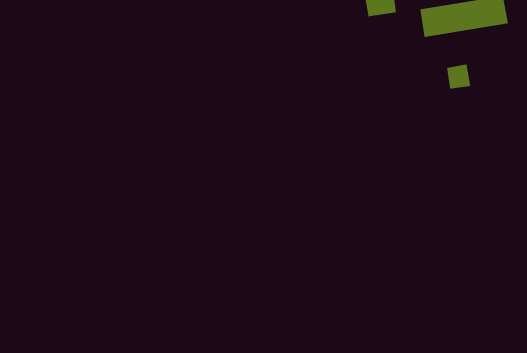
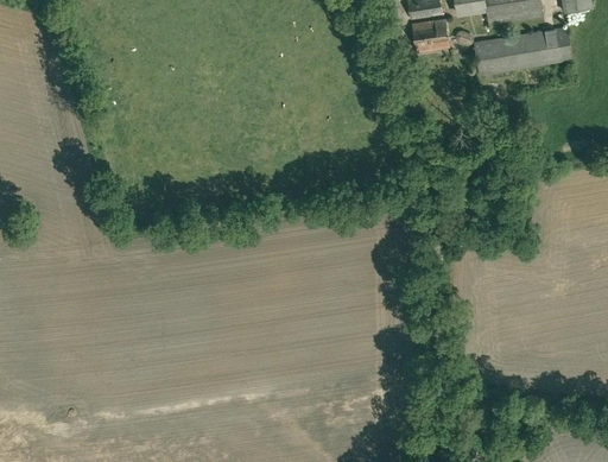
building: [446,64,471,90] -> none

